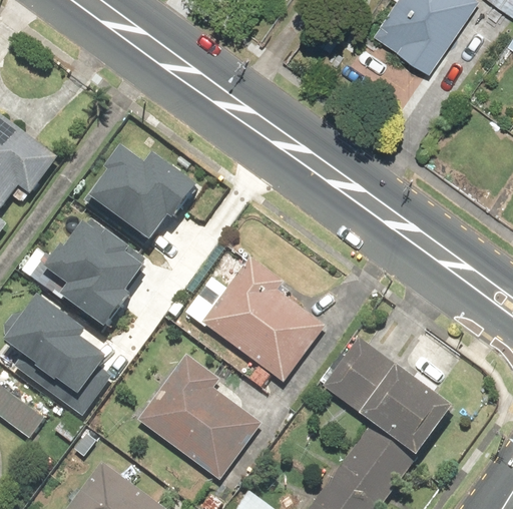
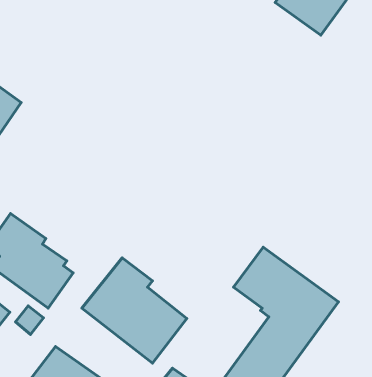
building: [93,145,200,237] -> none
building: [45,213,147,319] -> none
building: [183,258,325,387] -> none

